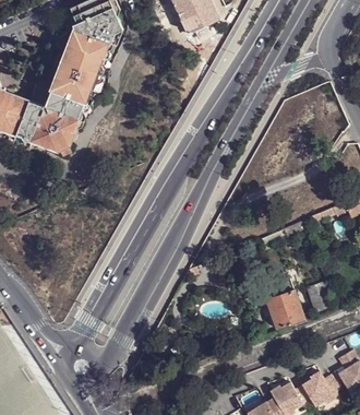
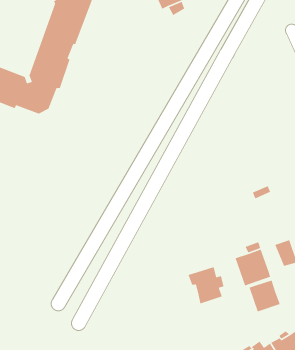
building: none -> [188,266,224,305]
building: none -> [248,279,281,313]

